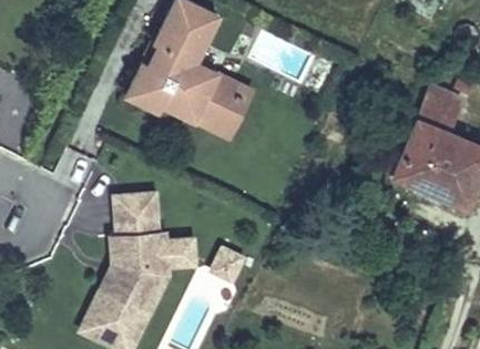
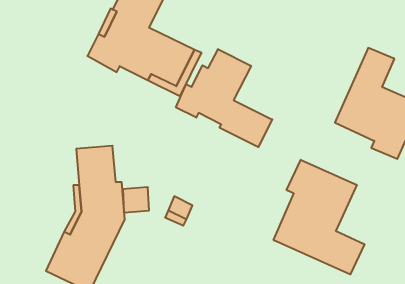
building: none -> [176,49,272,147]
building: none -> [274,160,364,274]

